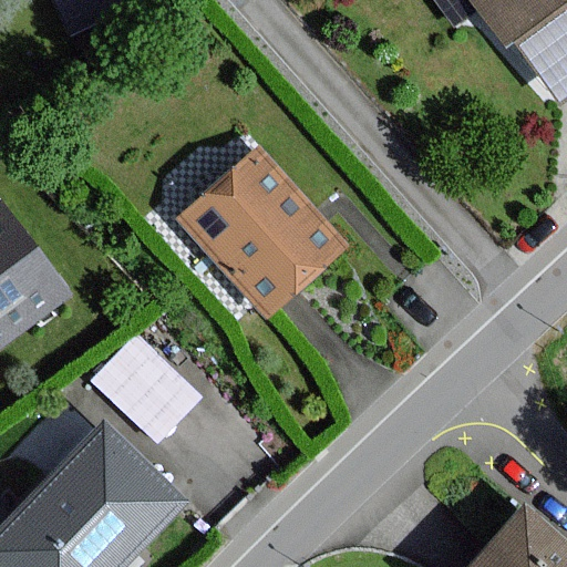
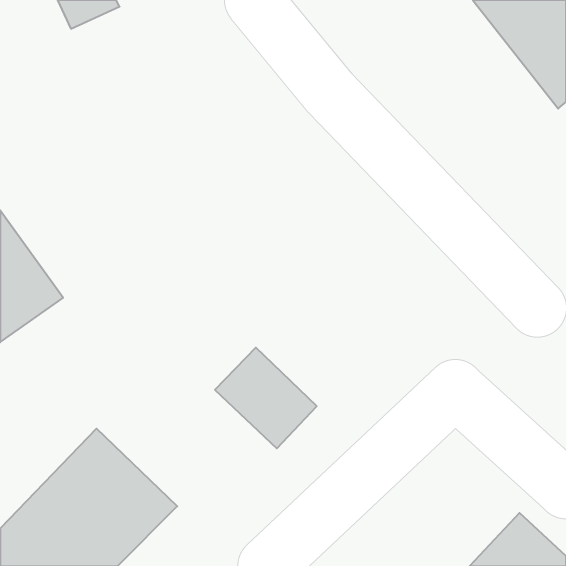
building: [186,152,342,310] -> none
building: [94,340,196,441] -> [215,348,317,448]

